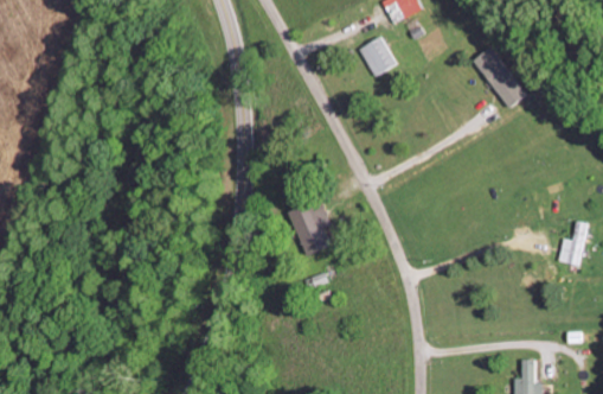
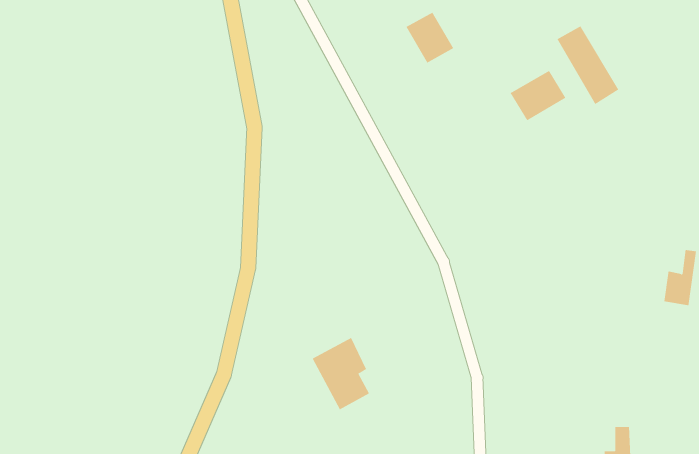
building: none -> [510,70,566,121]
building: [289,201,334,258] -> [312,337,370,410]

